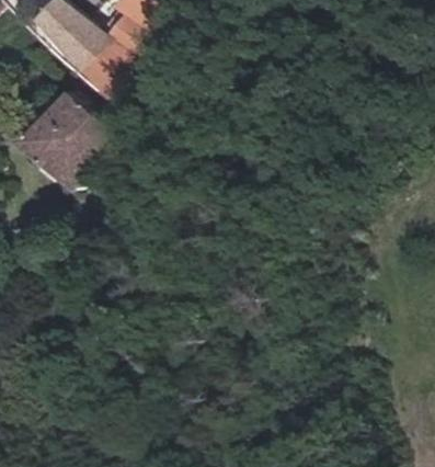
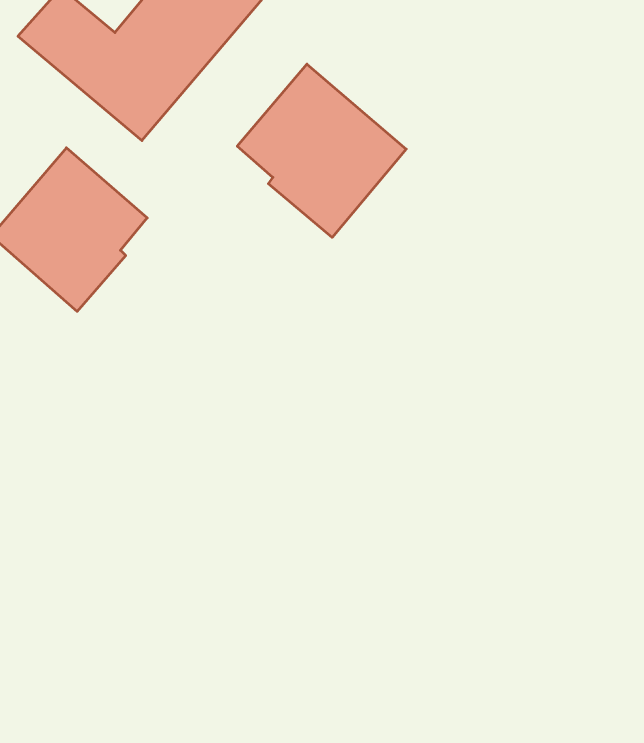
building: none -> [237,64,406,237]

